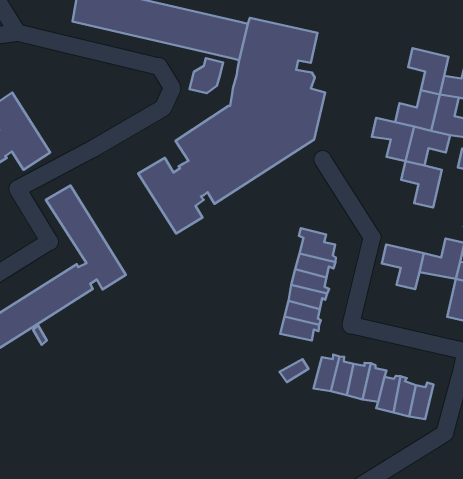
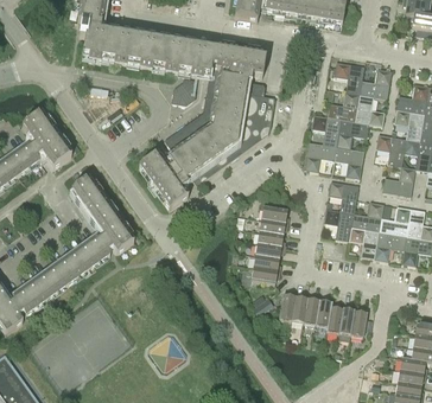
building: none -> [304,140,336,169]
building: none -> [328,179,357,211]
building: none -> [349,225,379,257]

